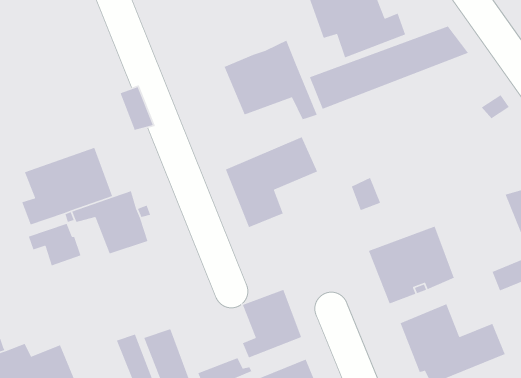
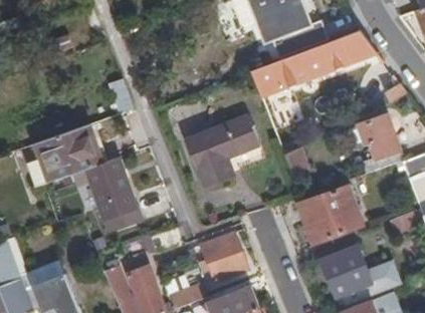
building: [223,40,318,120] -> none
building: none -> [359,114,402,173]
building: [28,223,82,266] -> [99,196,141,229]

